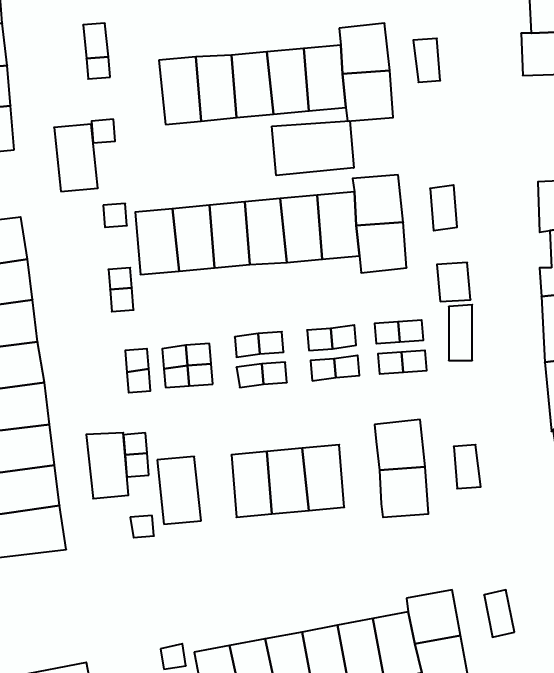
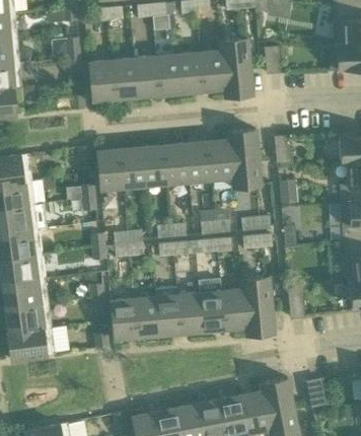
building: [272,121,354,175] -> none
building: [54,124,98,191] -> [87,60,114,100]
building: [86,433,128,499] -> [131,297,156,337]
building: none -> [218,289,243,329]

